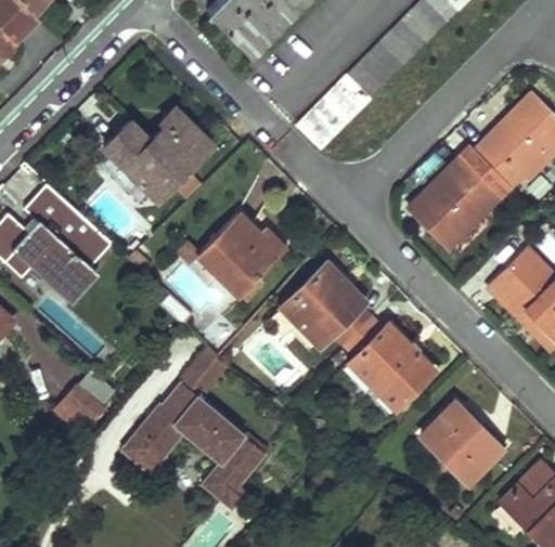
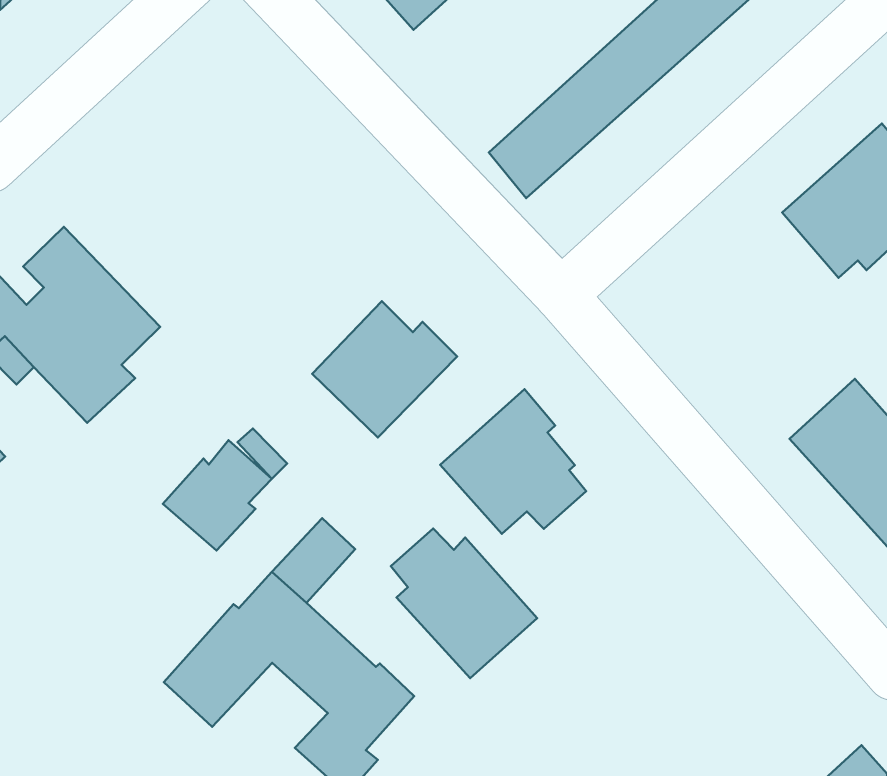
building: [102,106,214,199] -> none
building: [408,147,502,247] -> none
building: [341,322,430,409] -> [391,529,537,678]
building: [53,369,117,435] -> [163,440,272,550]
building: [422,403,500,480] -> none

